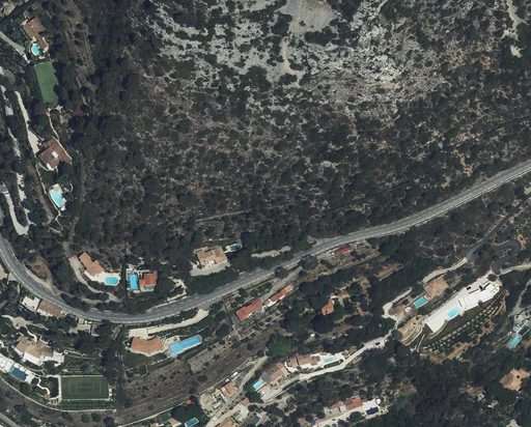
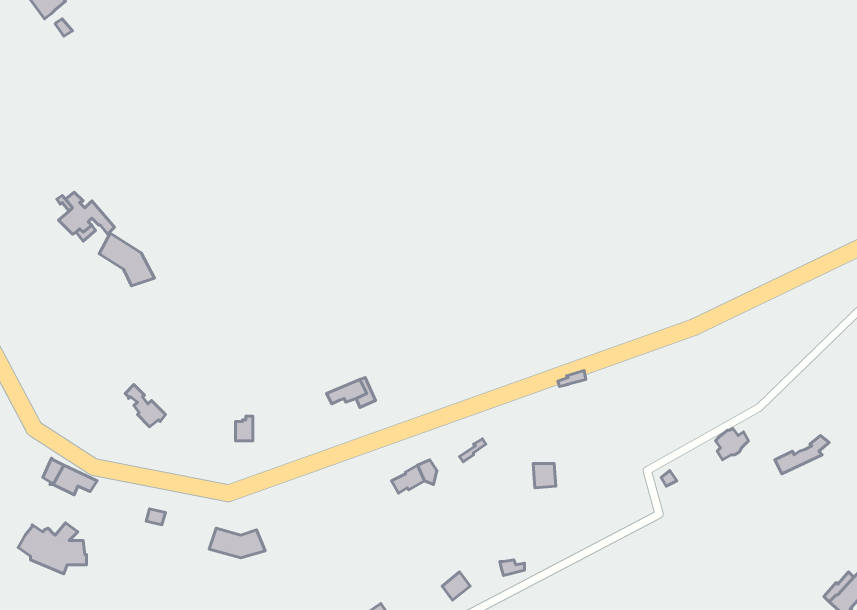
building: none -> [99,233,154,286]

